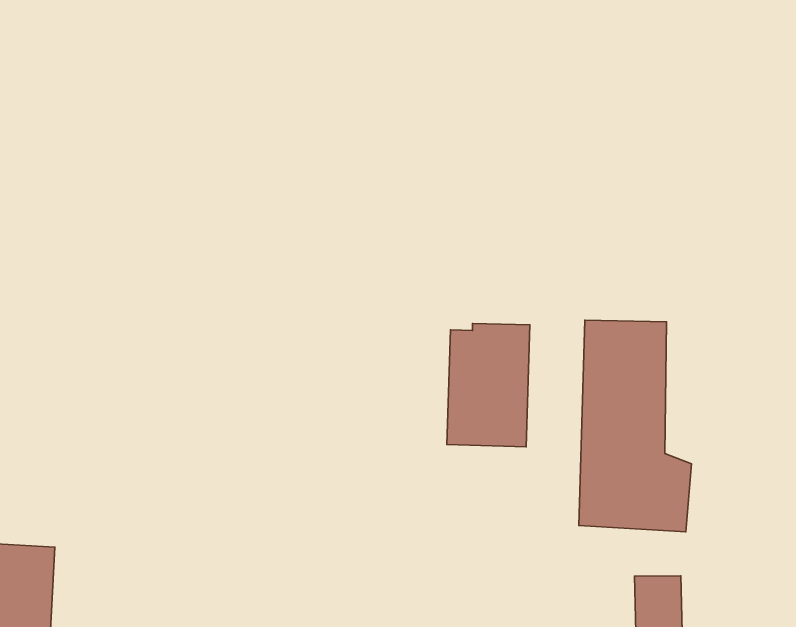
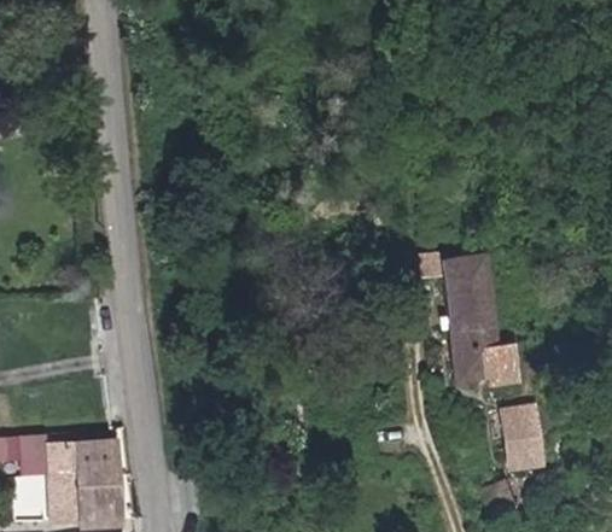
building: [447,324,530,447] -> none

